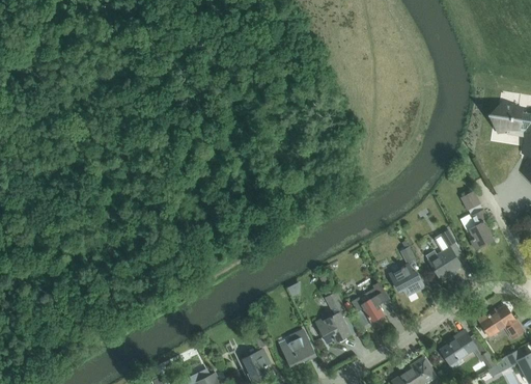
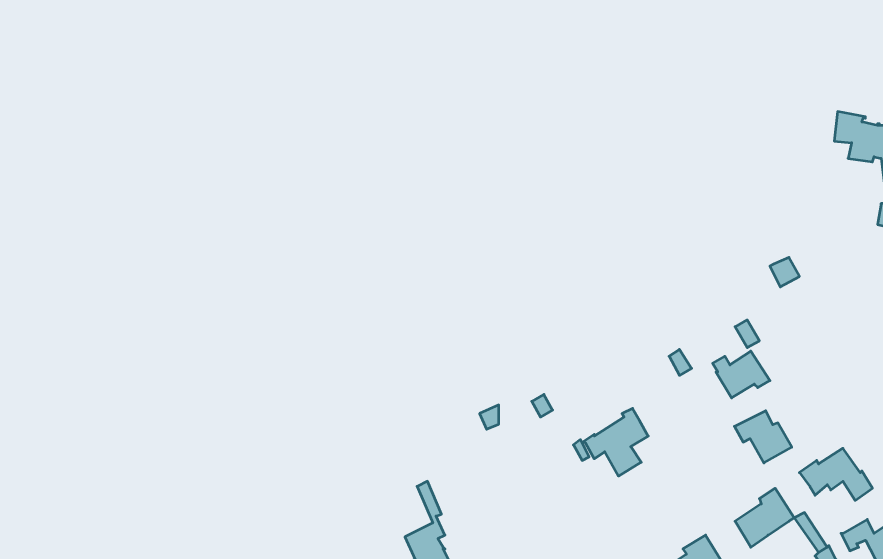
building: [459,211,494,249] -> none
building: [390,265,424,296] -> [734,411,792,463]
building: [318,290,352,344] -> none
building: [283,329,310,365] -> none

